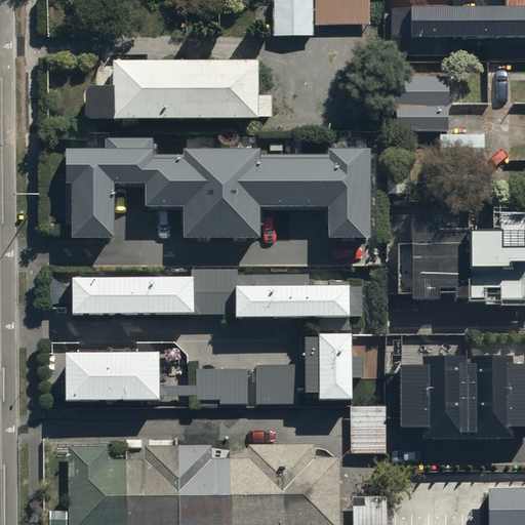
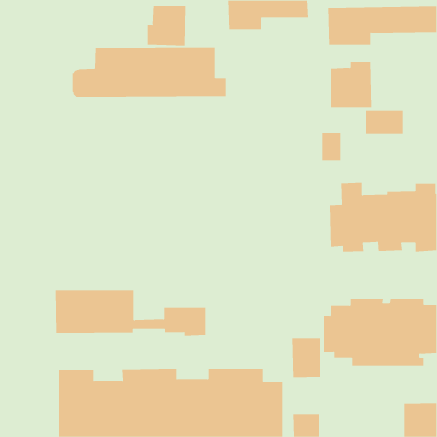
building: none -> [147,5,186,47]
building: [69,140,368,242] -> none
building: [72,267,363,317] -> none
building: [305,329,352,400] -> none
building: [256,363,299,401] -> none

